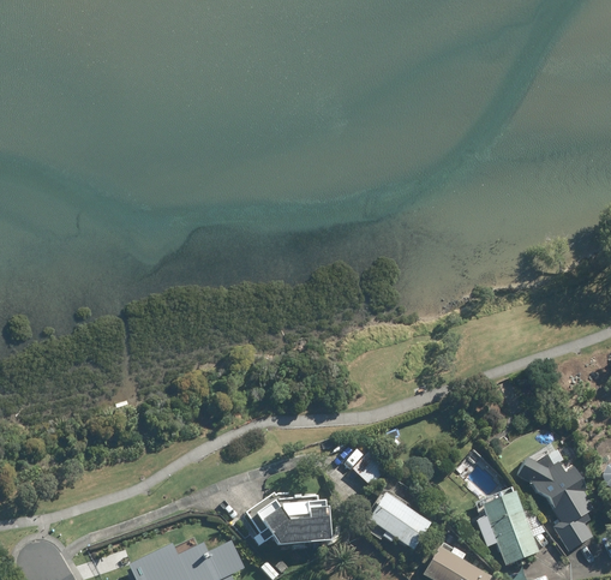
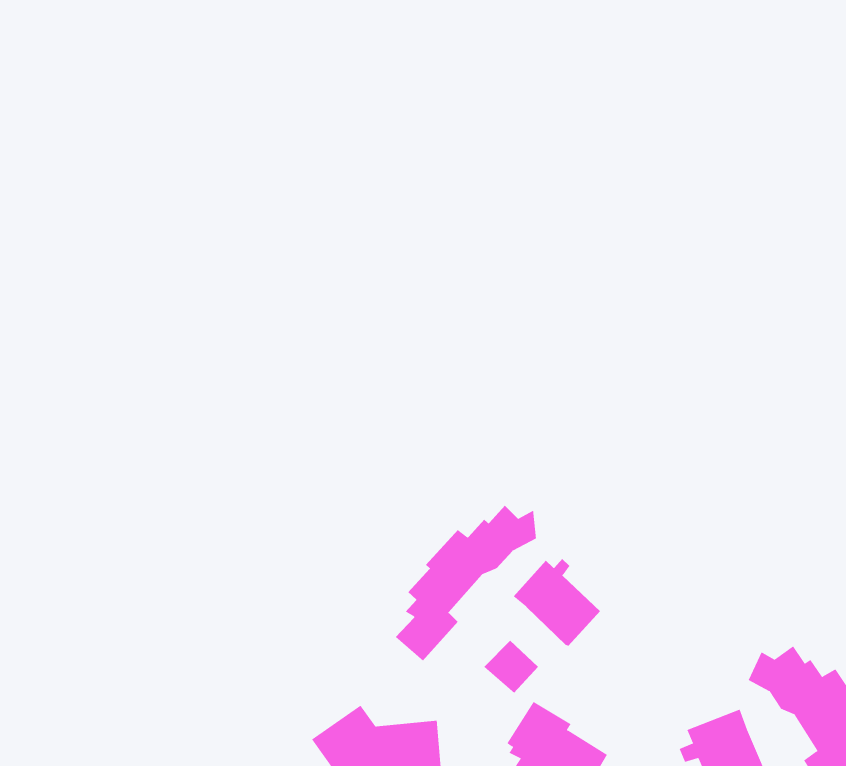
building: none -> [395,505,537,661]
building: none -> [513,558,601,646]

